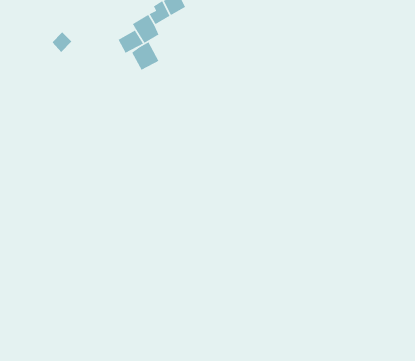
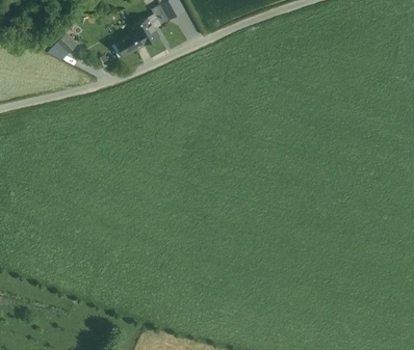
building: [131,41,160,71] -> none

